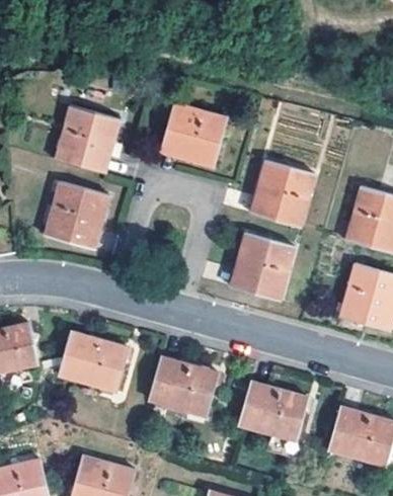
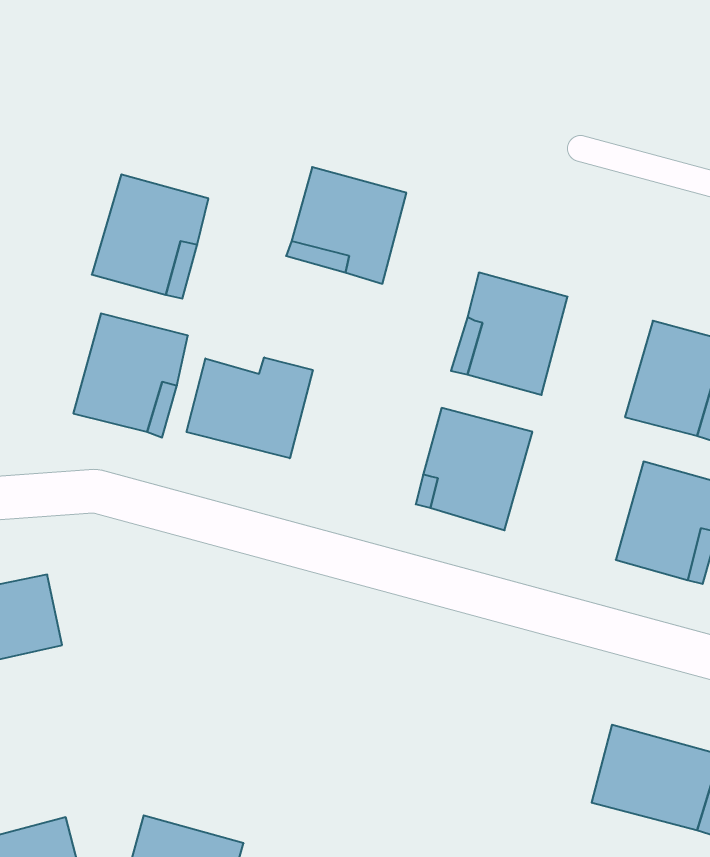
building: none -> [187,357,313,458]
building: [59,332,129,391] -> none
building: [147,356,218,415] -> none
building: [237,382,307,440] -> none

